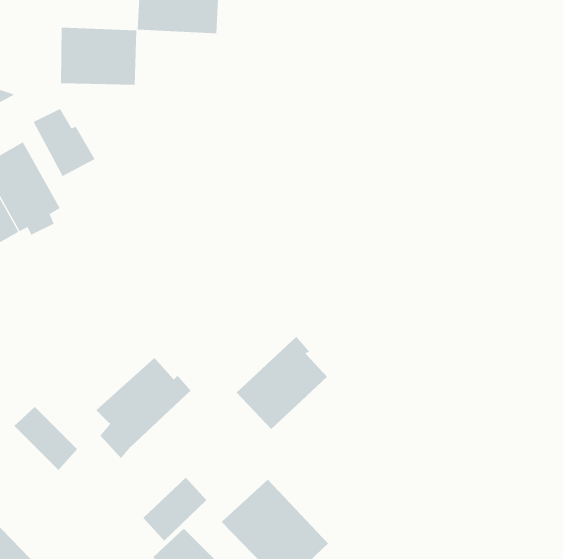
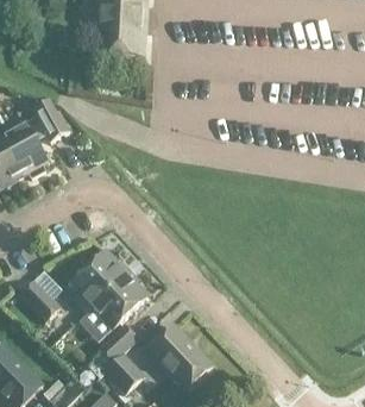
building: [61,27,137,85] -> none
building: [236,336,328,430] -> [92,271,147,328]

